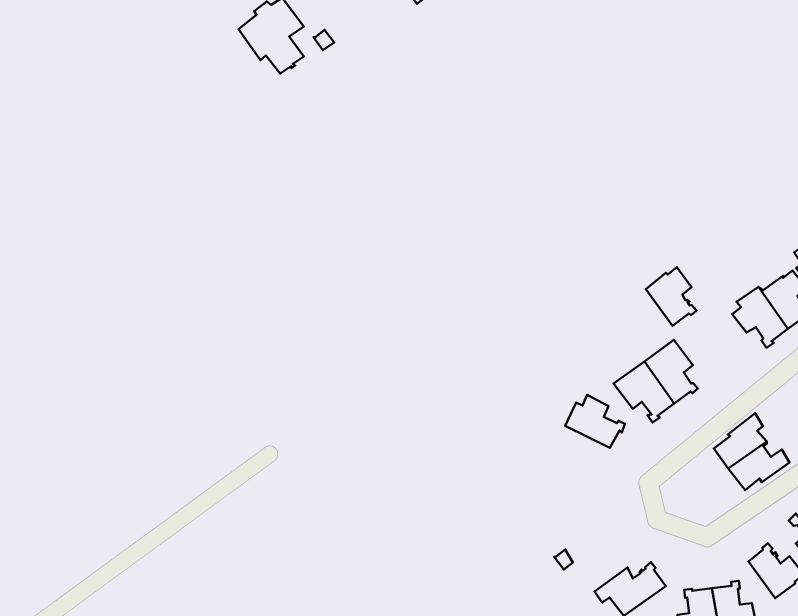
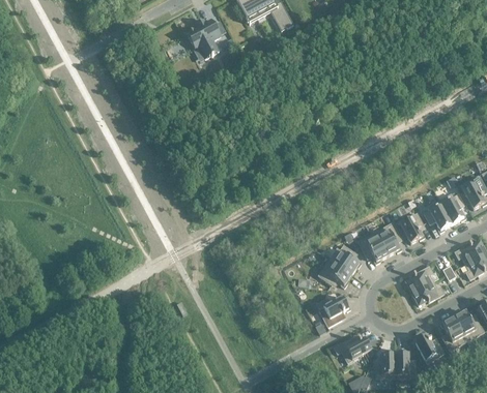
building: [646,267,697,326] -> [399,213,424,243]
building: none -> [318,260,351,288]
building: none -> [316,297,350,325]

